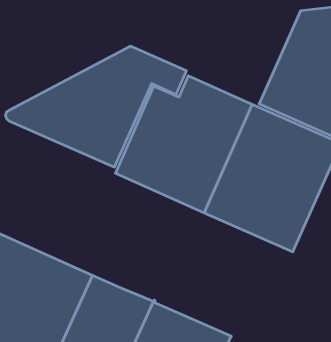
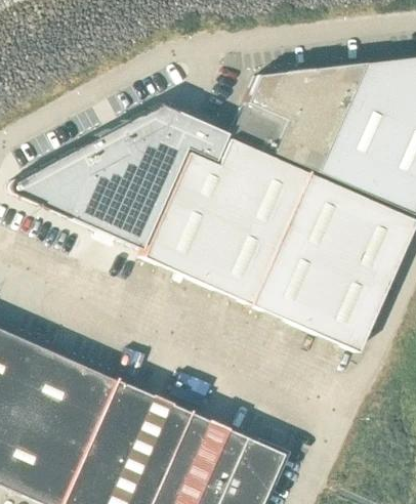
building: none -> [236,60,370,173]

